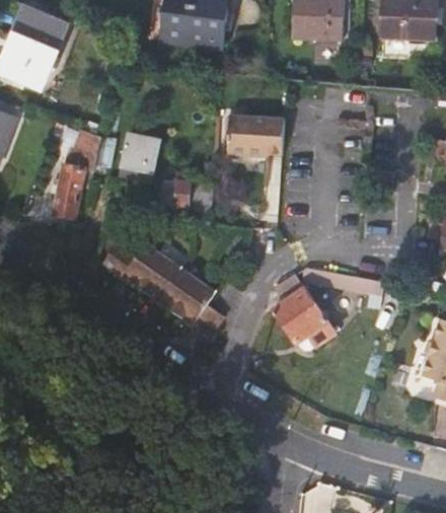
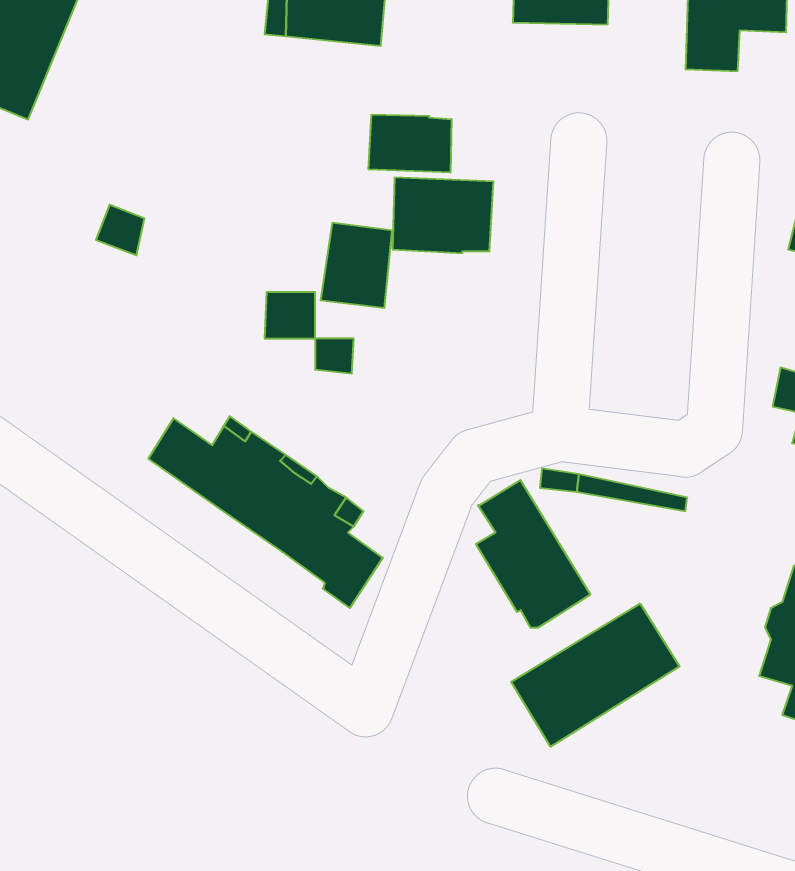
building: none -> [368,115,452,173]
building: [119,132,156,176] -> [321,223,392,308]
building: [55,166,83,218] -> none
building: none -> [511,604,679,747]

